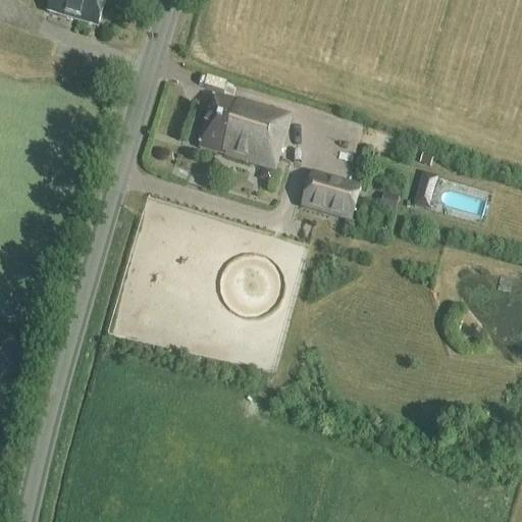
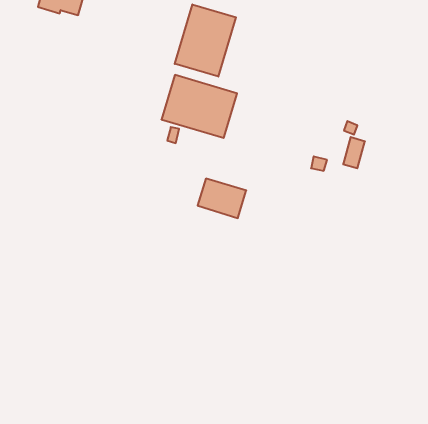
building: none -> [175,4,236,77]
building: [299,170,358,218] -> [198,179,246,218]

